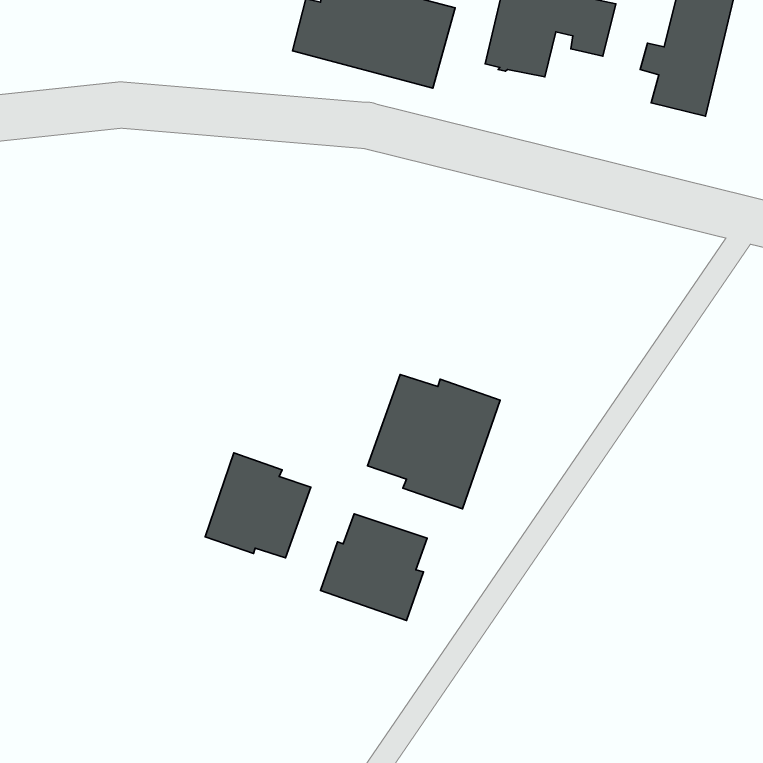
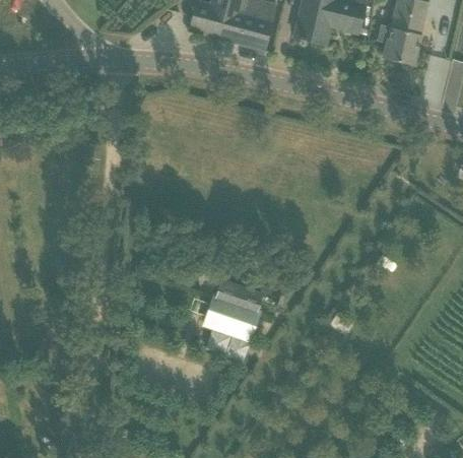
building: [367,374,500,509] -> none
building: [205,453,311,558] -> none

